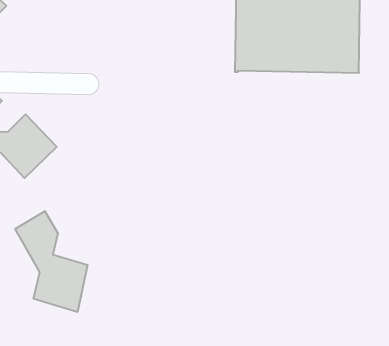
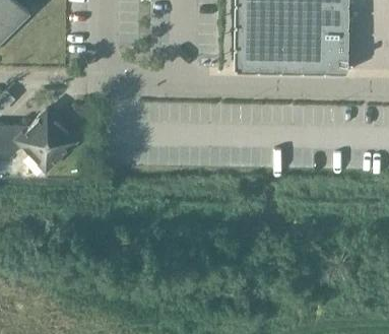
building: [15,211,88,312] -> none

